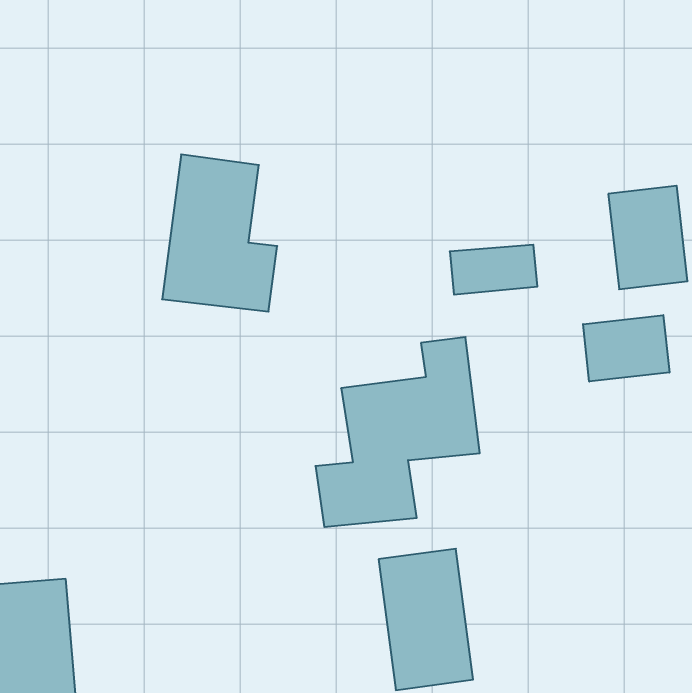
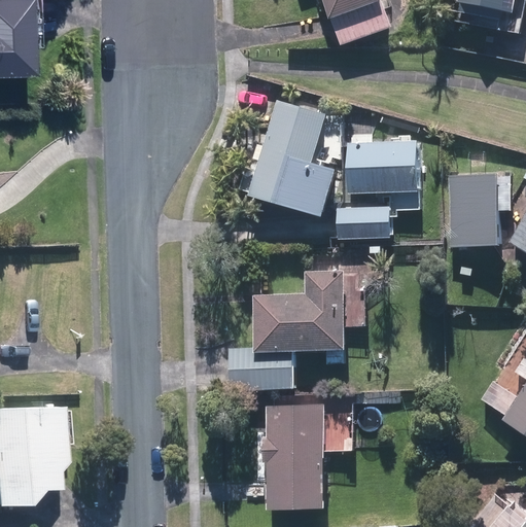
building: none -> [345,117,417,190]
building: [162,154,277,312] -> [251,100,334,213]
building: [583,315,669,382] -> none

